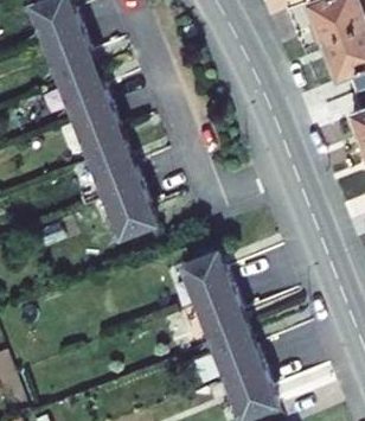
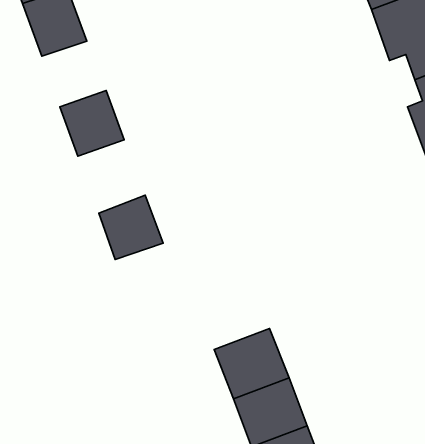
building: [60,64,111,116] -> none
building: [89,142,142,200] -> none
building: [180,249,241,308] -> none

